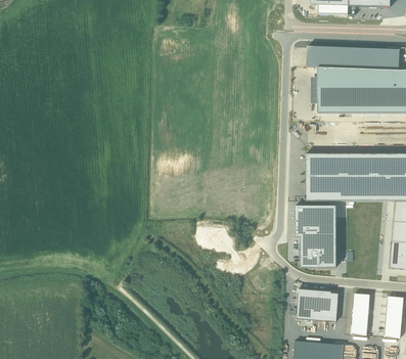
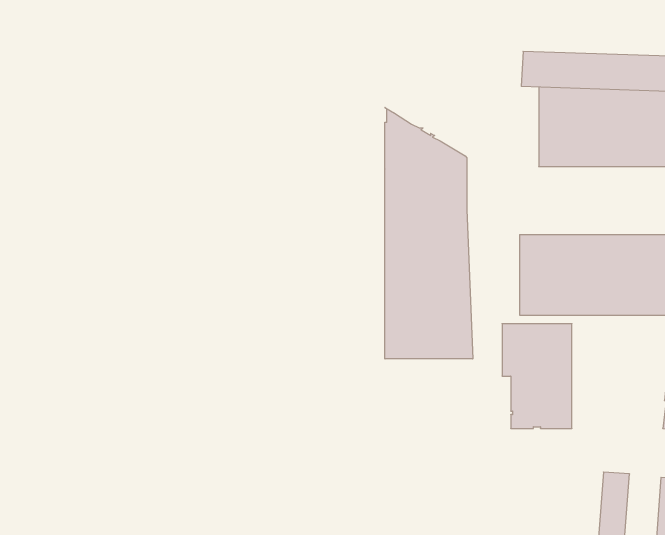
building: none -> [385,107,473,359]
building: [296,288,337,321] -> none

